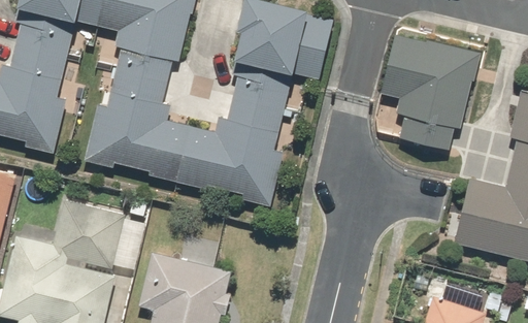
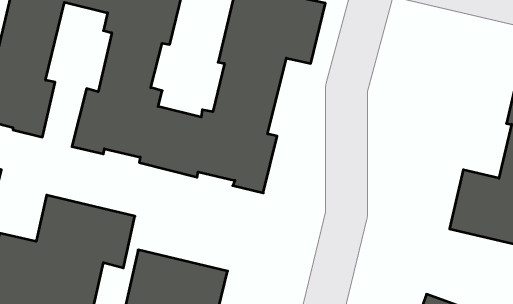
building: [384,33,481,144] -> none

